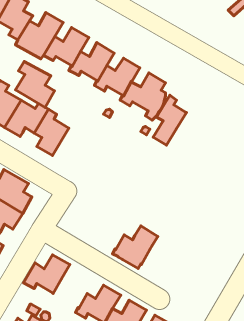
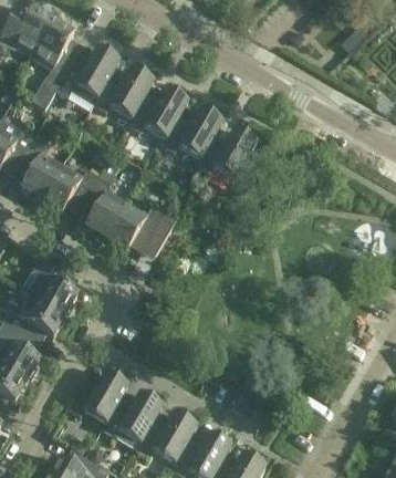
building: [15,61,55,107] -> none
building: [153,95,187,145] -> none
building: none -> [105,200,175,252]
building: [113,226,158,269] -> [102,389,163,447]

